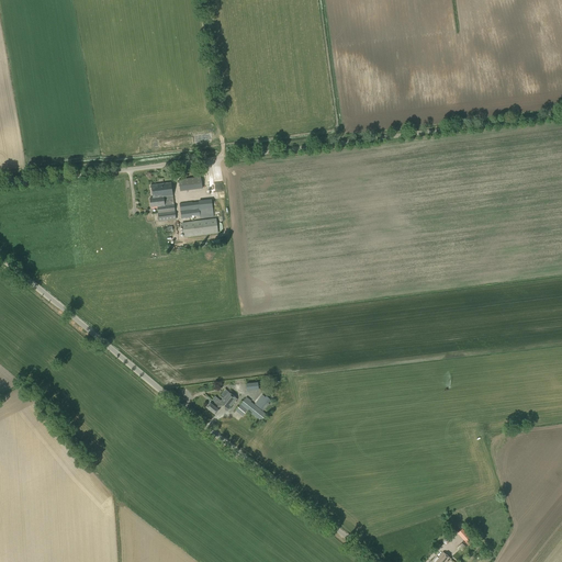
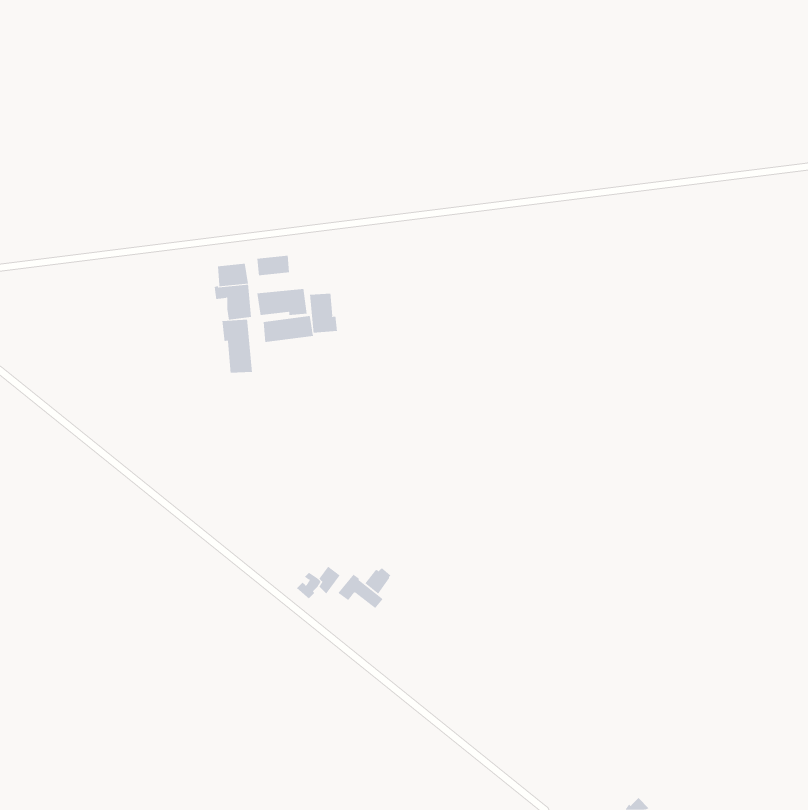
building: none -> [309,293,338,333]
building: none -> [222,319,252,373]

